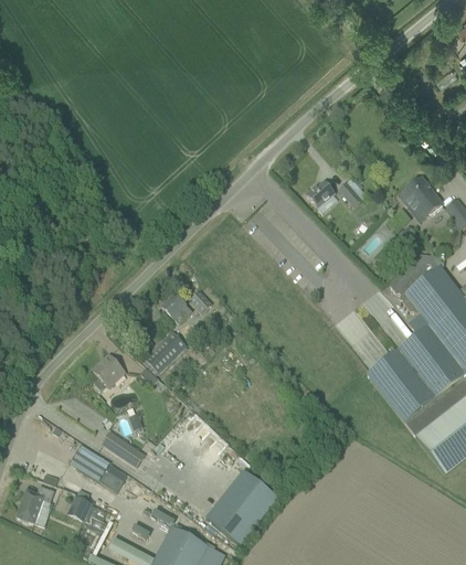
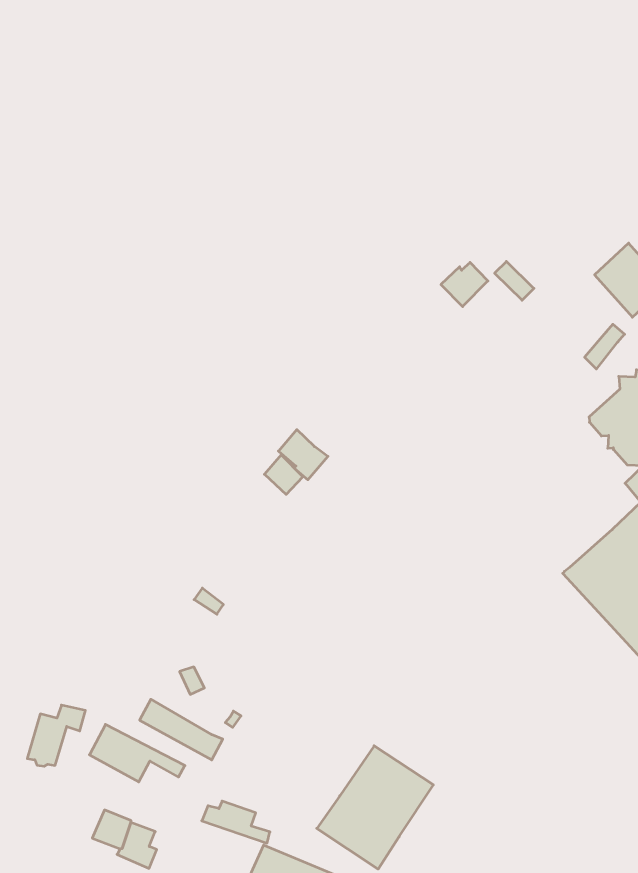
building: [163,294,193,324] -> [278,430,328,480]
building: [146,331,187,372] -> none
building: [94,354,126,391] -> none
building: [18,486,55,522] -> [27,705,85,766]

